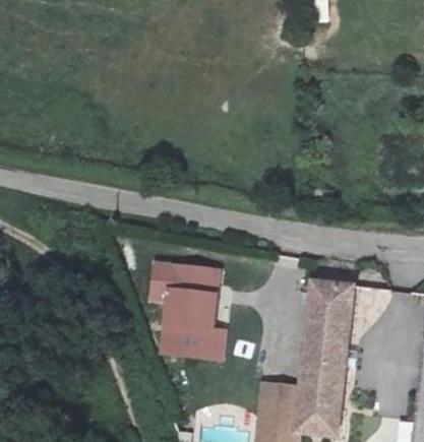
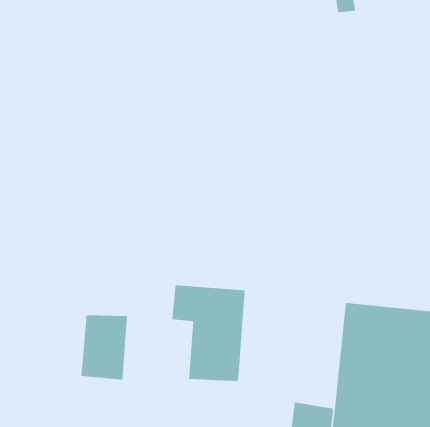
building: none -> [80,314,128,381]

